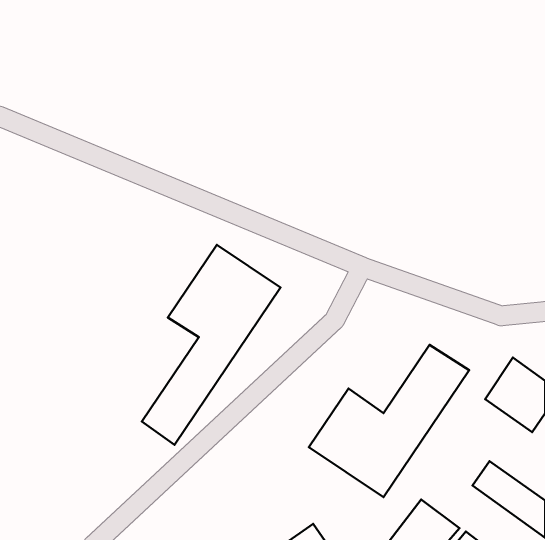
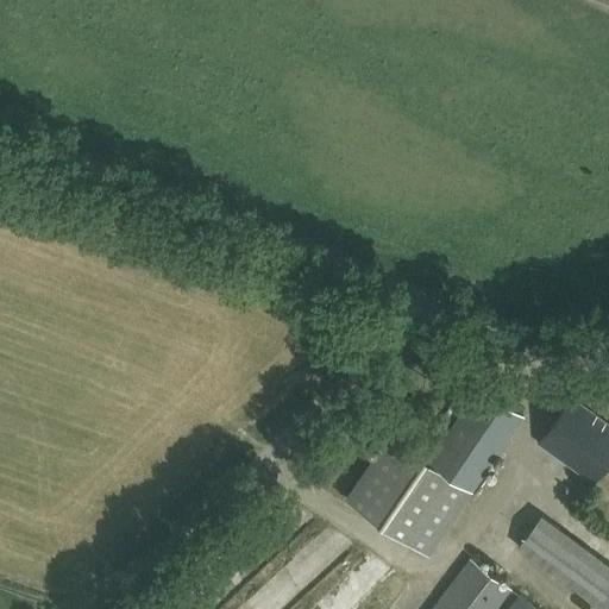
building: [142,245,280,445] -> none

